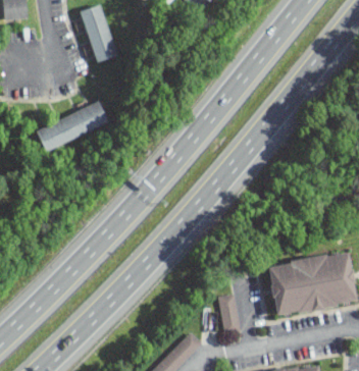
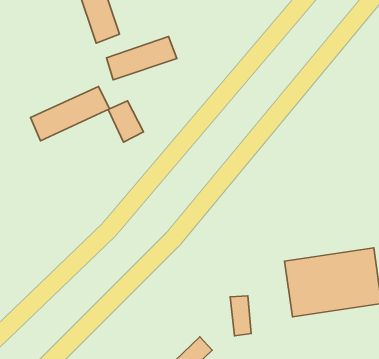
building: none -> [106,37,177,80]
building: none -> [108,101,143,142]

